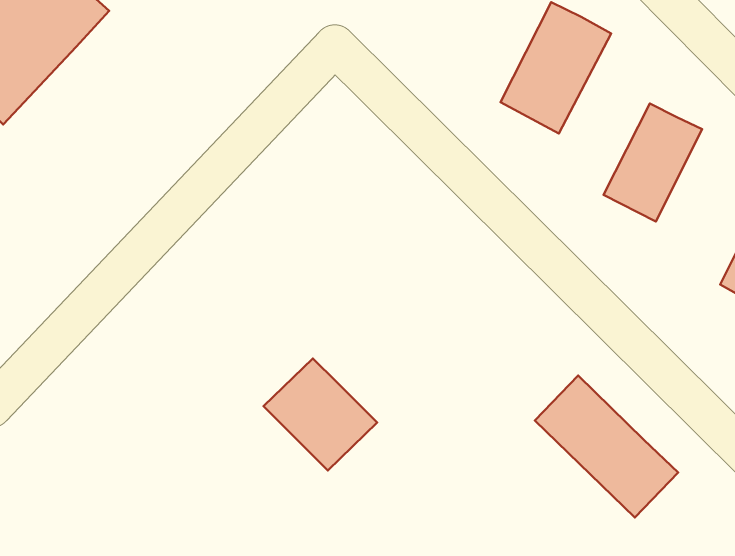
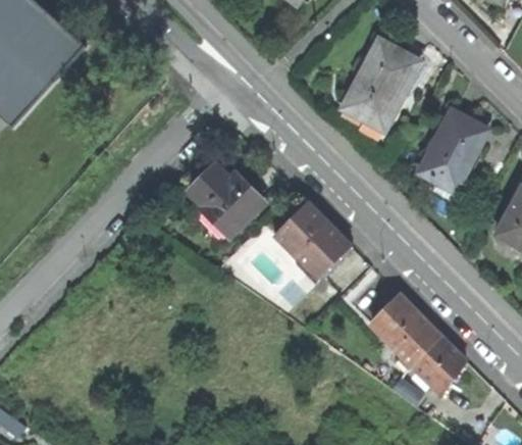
building: none -> [187,162,259,233]
building: [264,358,377,470] -> [273,202,351,279]

